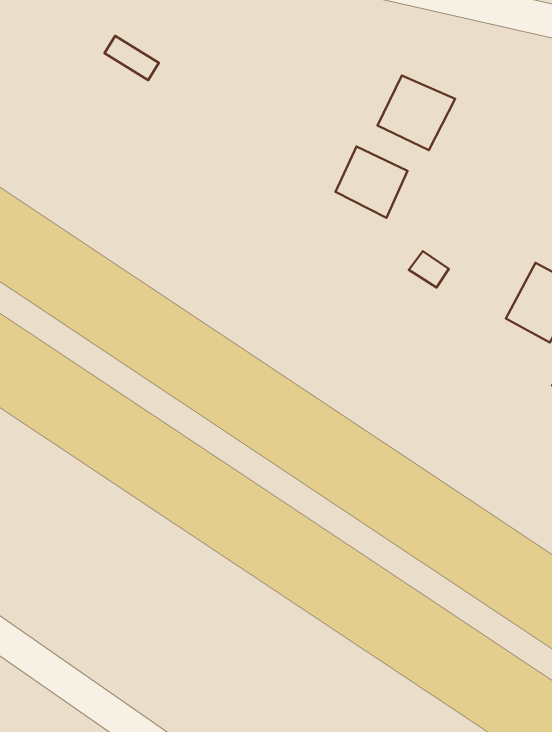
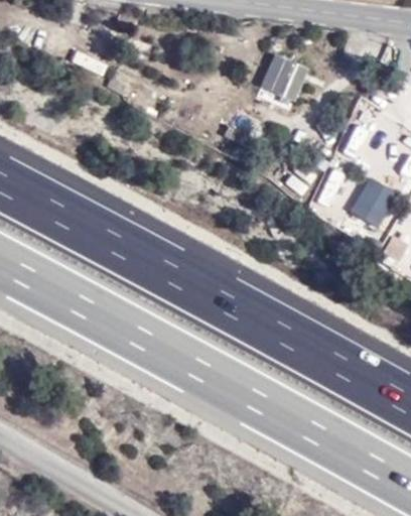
building: [335,146,407,218] -> none

